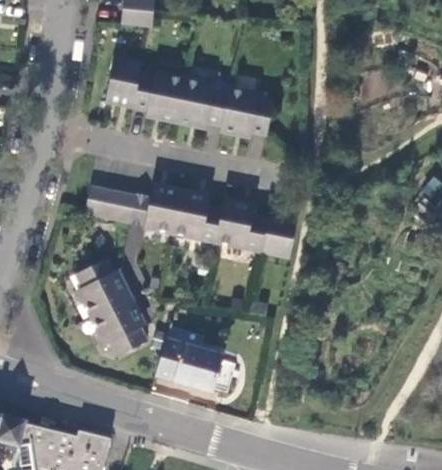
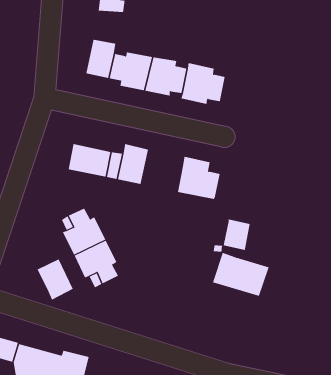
building: [173,191,222,242] -> none
building: [262,217,295,255] -> [223,219,250,251]
building: none -> [37,259,74,300]
building: [156,339,225,392] -> [212,252,270,297]

